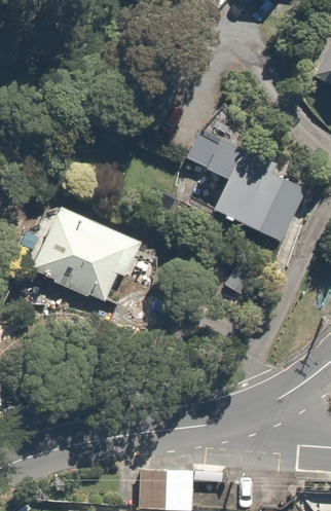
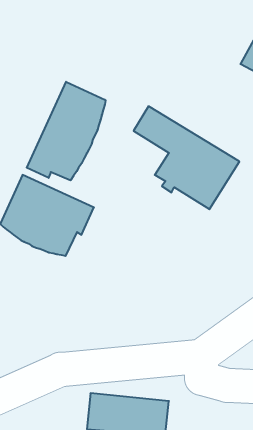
building: none -> [27,82,106,180]

